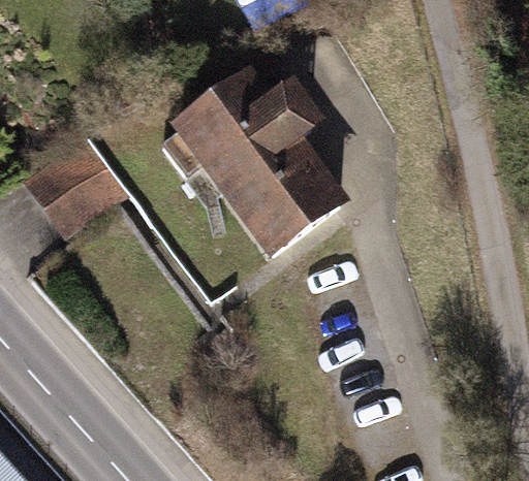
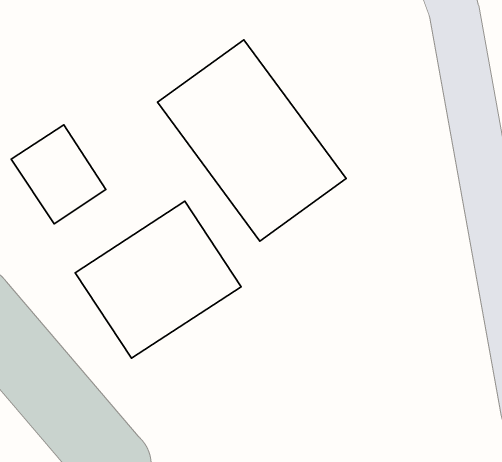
building: none -> [75,201,241,358]

